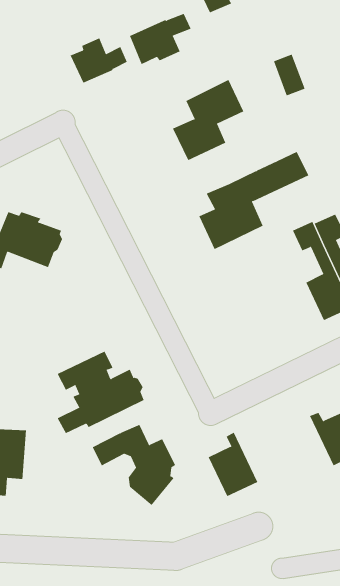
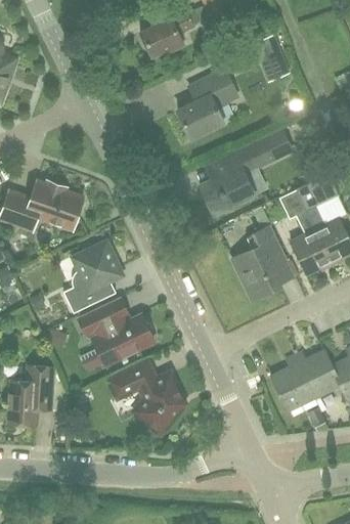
building: [70,38,127,84] -> none
building: none -> [232,227,294,300]
building: none -> [62,242,119,313]
building: [208,432,258,497] -> [271,355,314,410]

